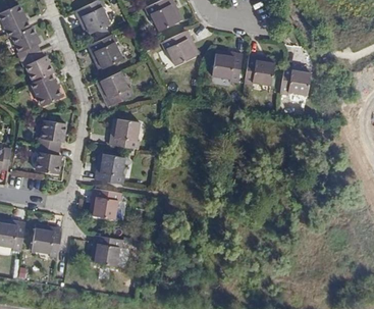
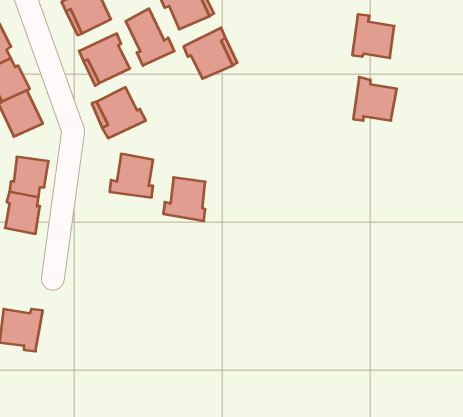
building: none -> [126,9,174,66]
building: [212,53,243,83] -> none
building: [245,55,274,86] -> [352,14,394,58]
building: [95,154,124,185] -> [163,177,205,221]
building: [92,189,121,219] -> none
building: [93,236,123,265] -> none

